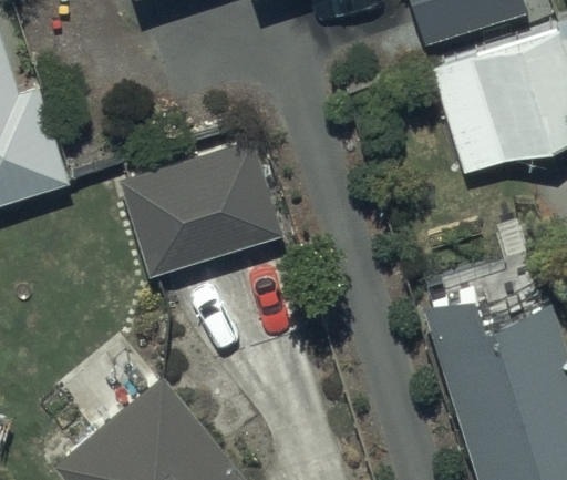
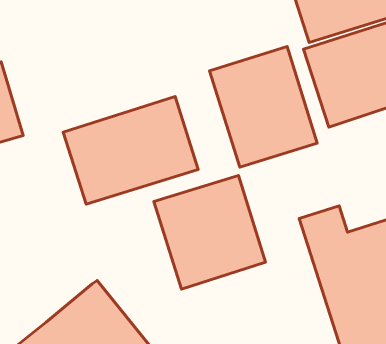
building: none -> [209,47,317,167]
building: none -> [154,176,266,289]

